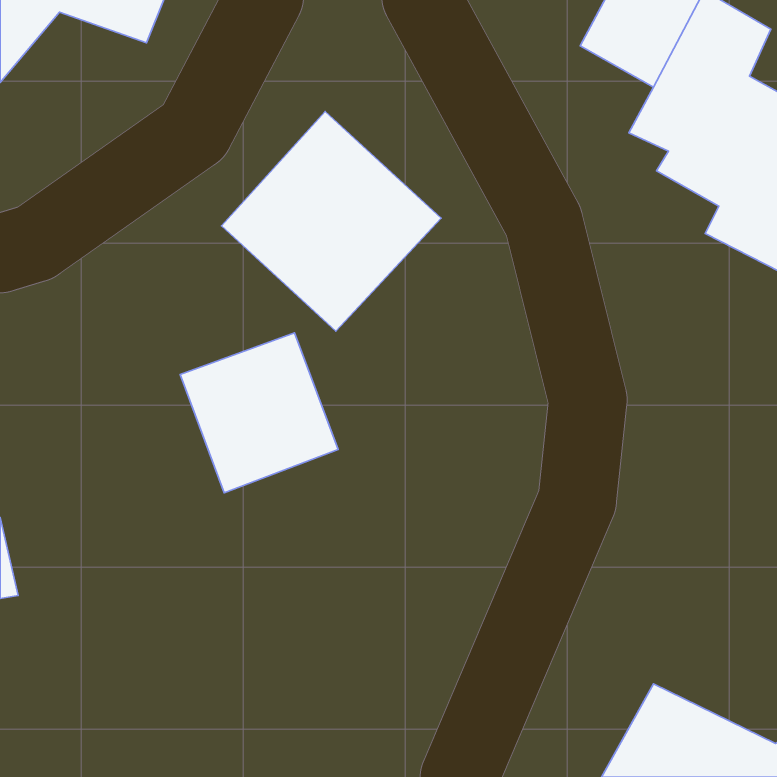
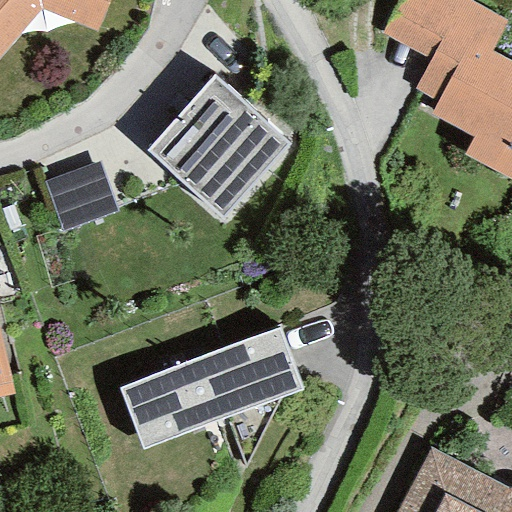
building: none -> [45,160,118,229]
building: [180,333,338,493] -> none
building: none -> [119,327,303,449]

